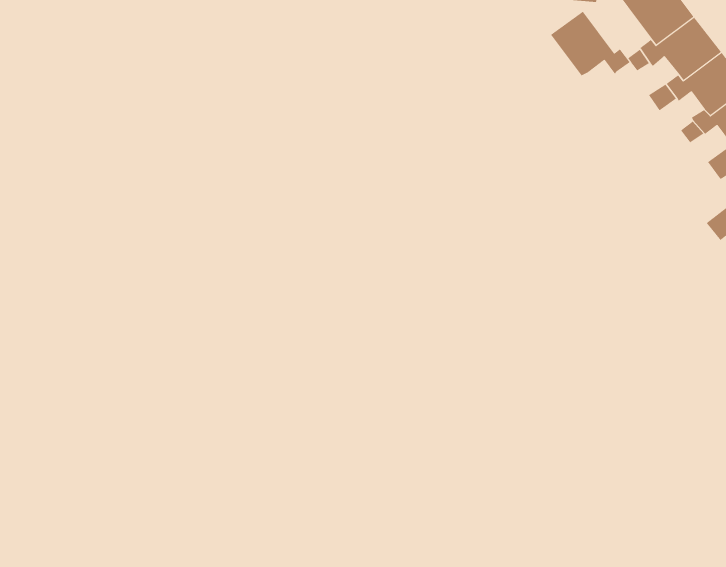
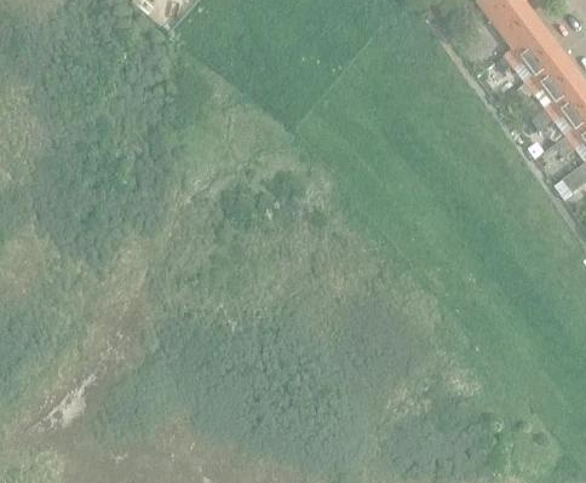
building: [550,11,630,76] -> none

